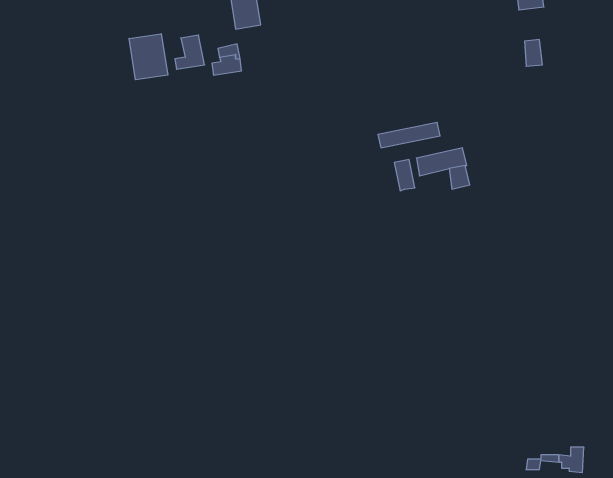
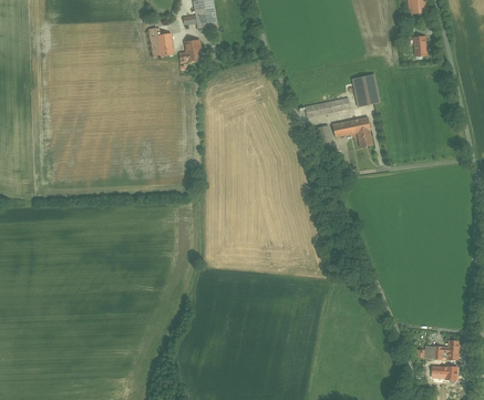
building: [129,34,168,80] -> none
building: none -> [351,74,379,106]

